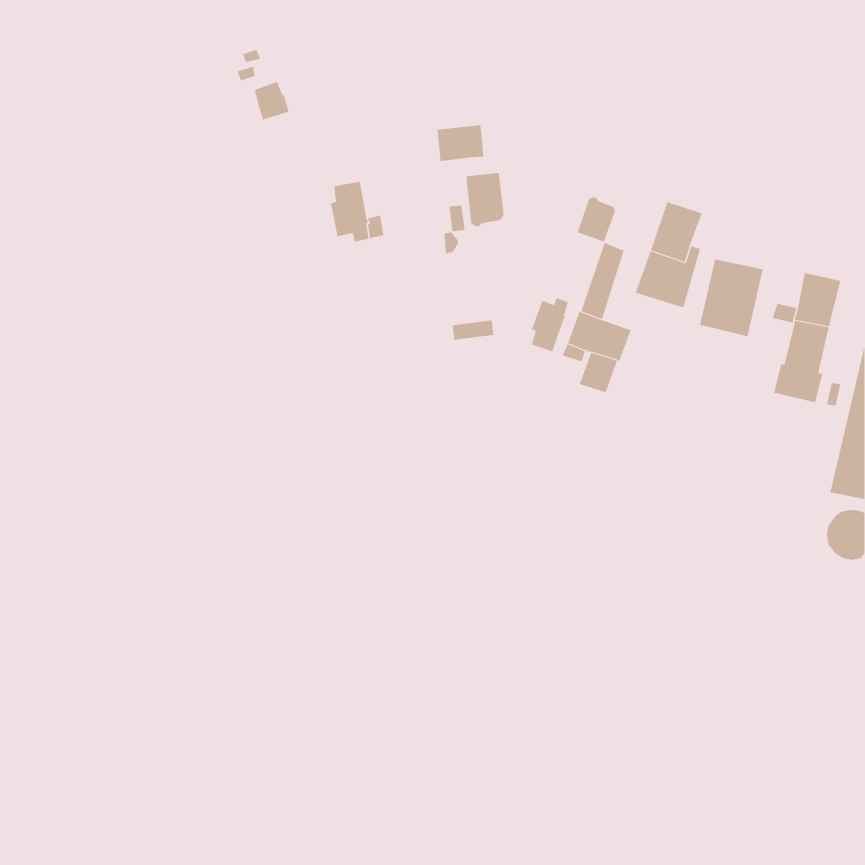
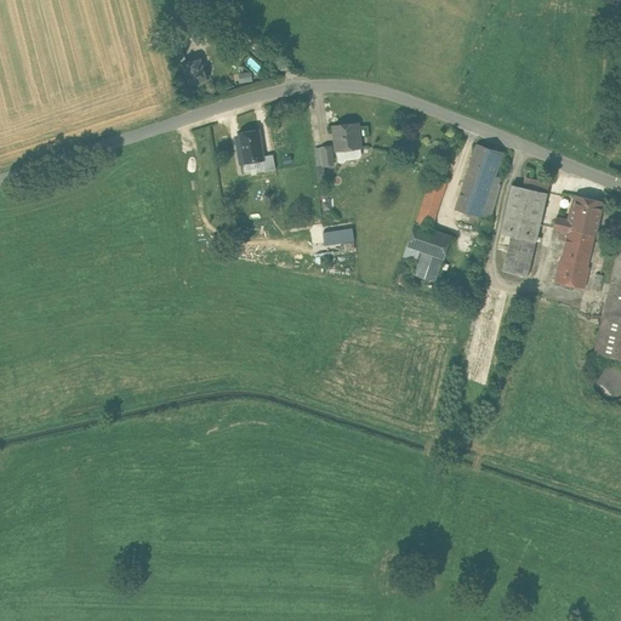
building: [437,125,484,162] -> none
building: [577,197,615,242] -> none
building: [531,297,568,352] -> none
building: none -> [503,235,536,277]

